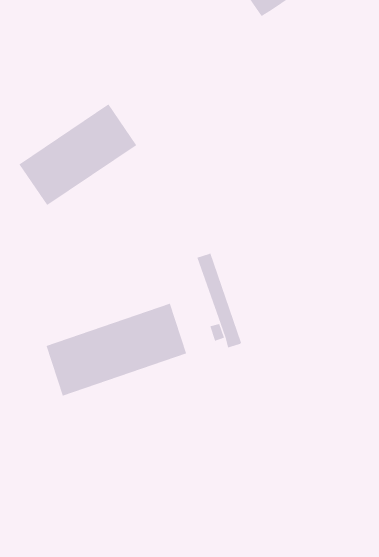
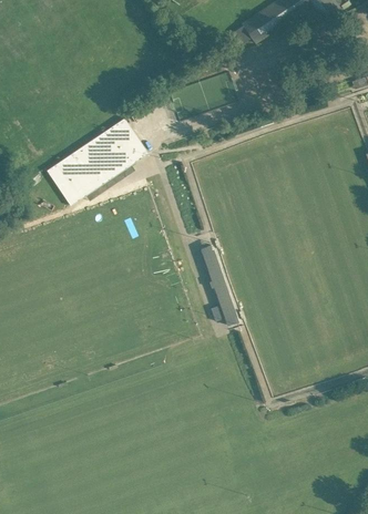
building: [46,303,187,397] -> none

